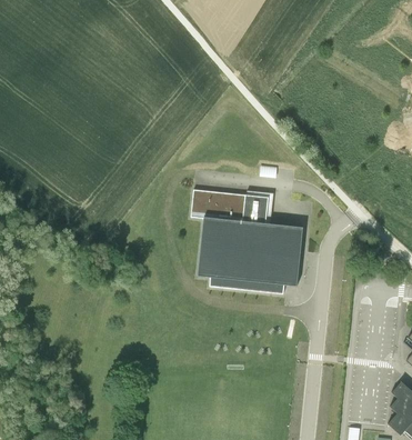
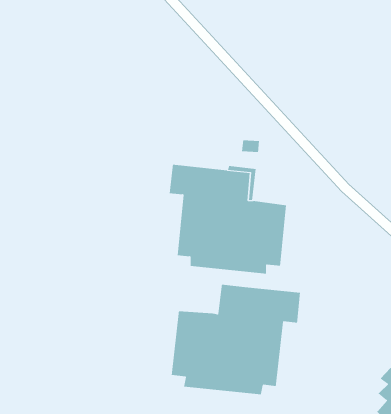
building: none -> [171,284,300,395]

